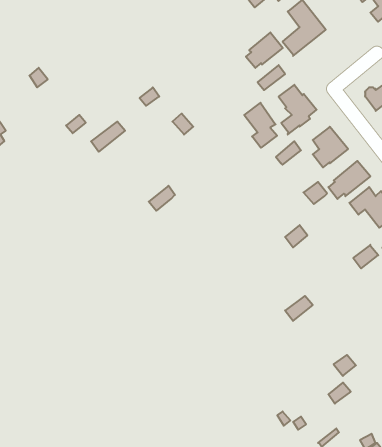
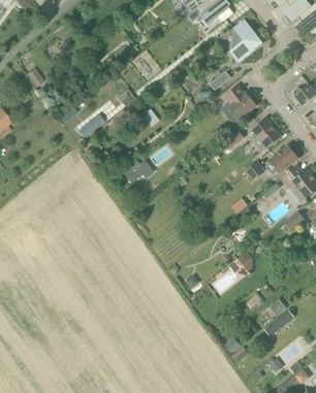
building: [246,32,283,68] -> none
building: [244,103,277,148] -> none

